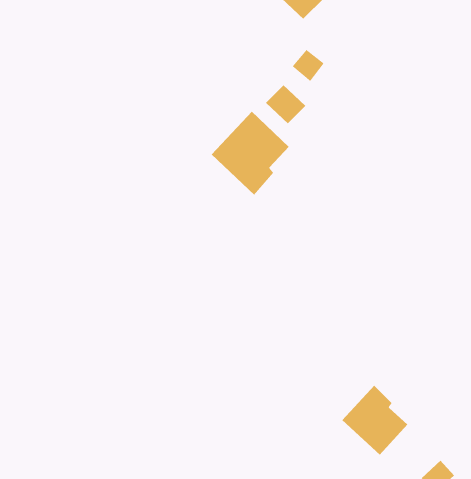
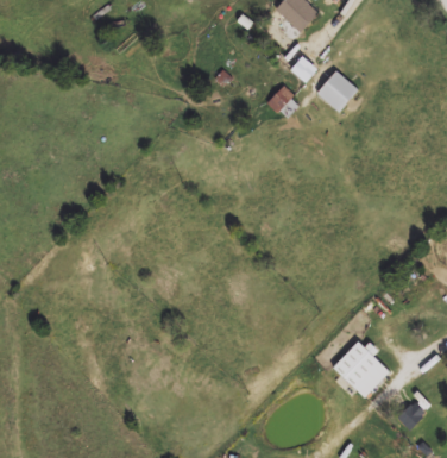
building: none -> [315,69,358,111]
building: [211,111,290,195] -> none

